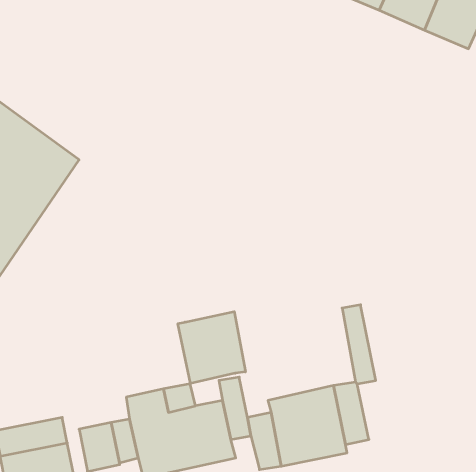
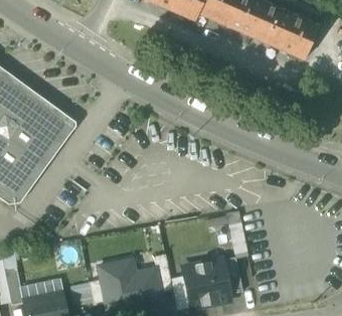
building: [178,312,245,383] -> none

